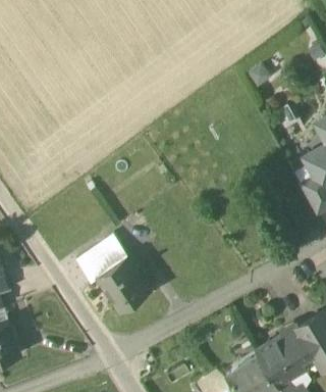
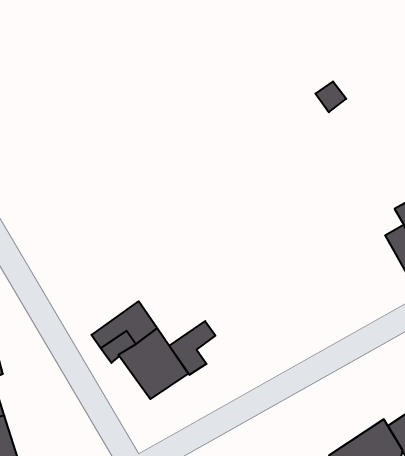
building: none -> [169,321,215,375]

